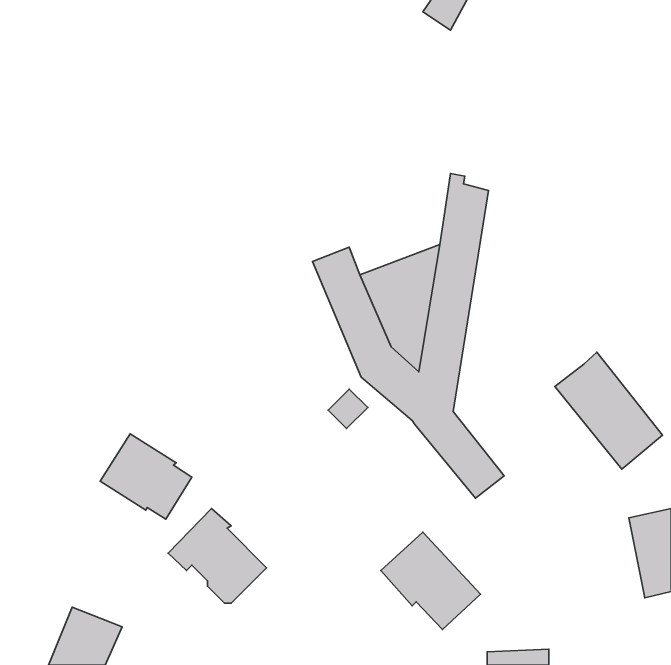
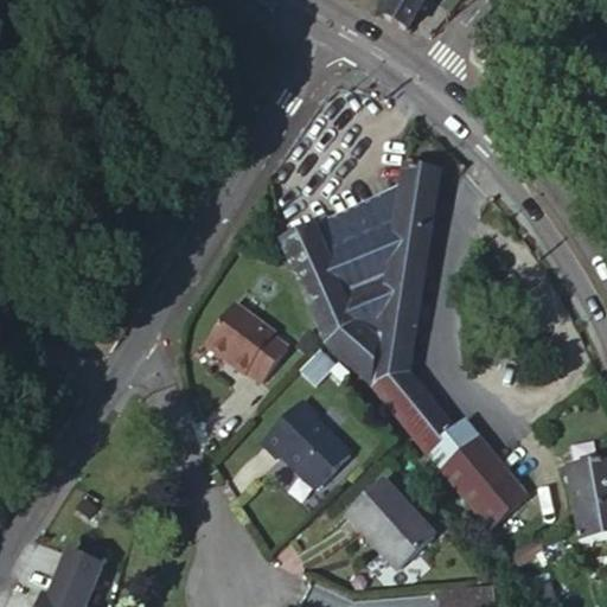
building: none -> [315,190,401,248]
building: [555,352,663,469] -> [429,418,526,524]
building: [100,434,192,519] -> [198,308,281,385]
building: [168,509,267,603] -> [260,401,349,486]

